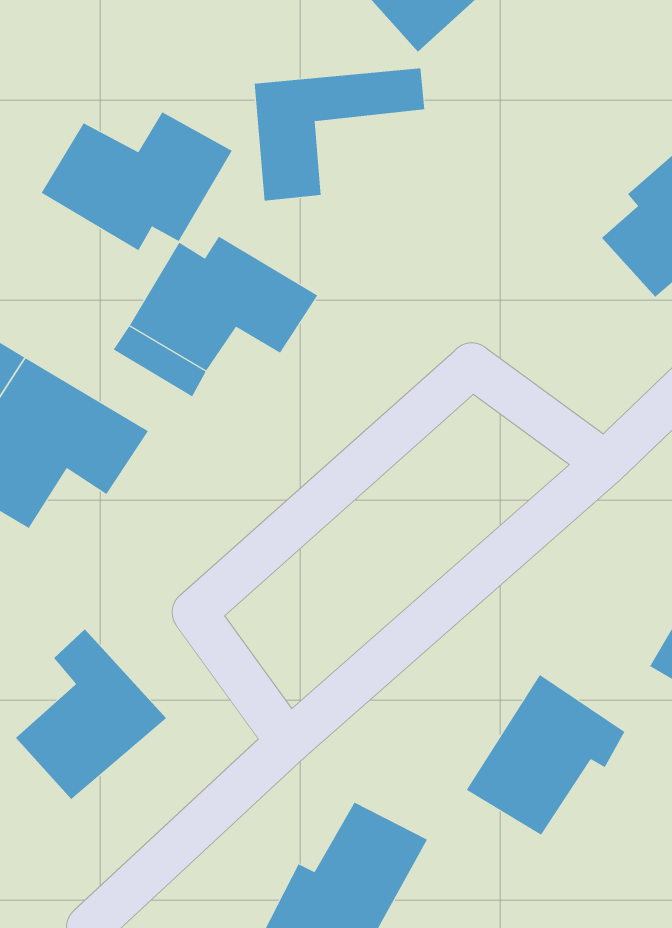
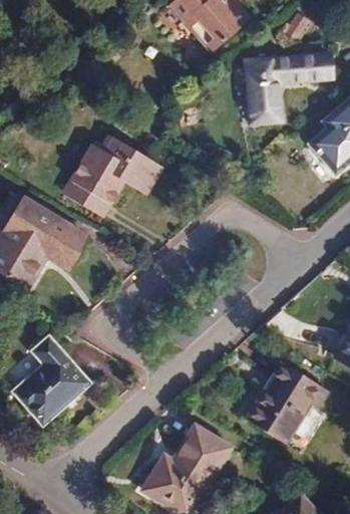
building: [254,68,425,201] -> [246,54,332,121]
building: [41,112,233,251] -> none

